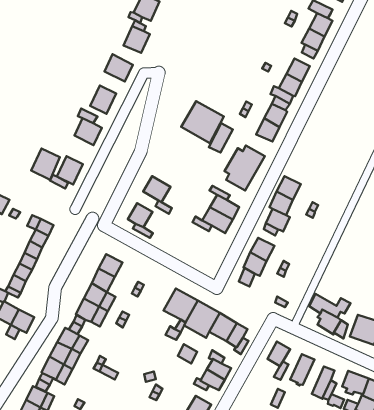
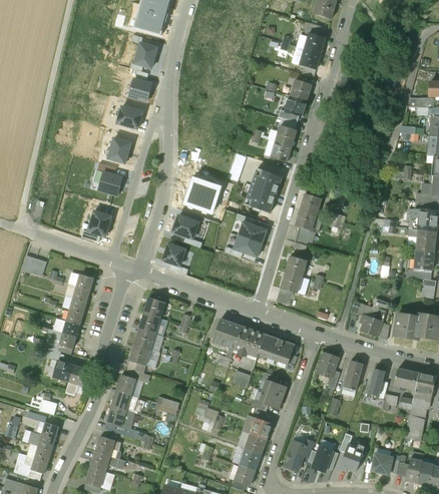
building: [181,101,224,143] -> [181,175,221,213]
building: [31,149,60,180] -> none

